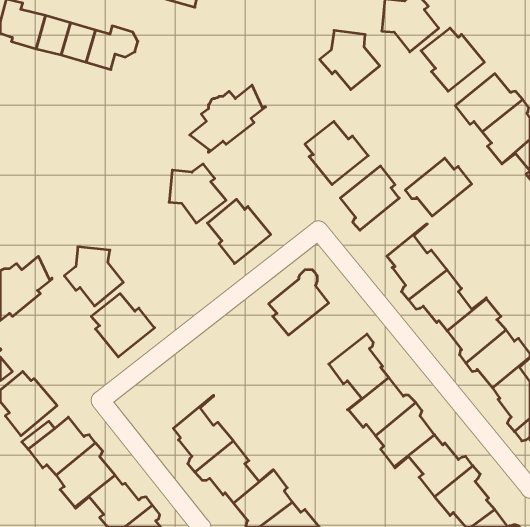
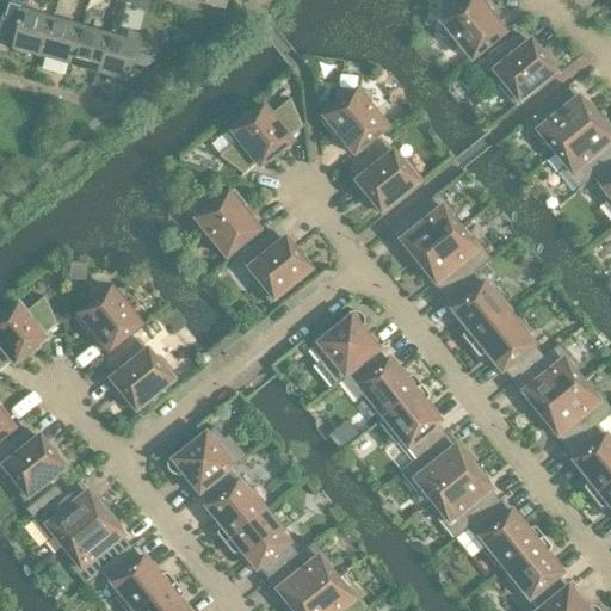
building: [320,30,380,90] -> [319,86,388,154]
building: [405,158,472,216] -> [414,228,490,295]
building: none -> [332,348,422,419]
building: none -> [166,426,246,493]

